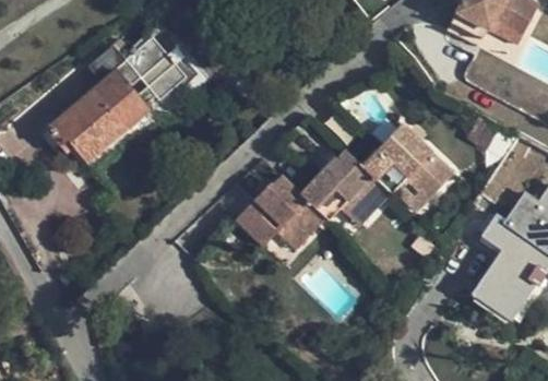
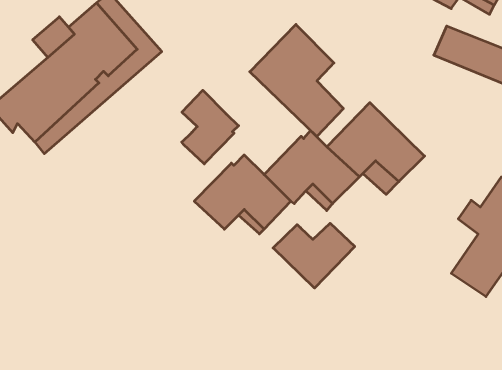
building: none -> [250,24,343,137]
building: none -> [182,90,239,164]
building: none -> [273,223,355,288]

